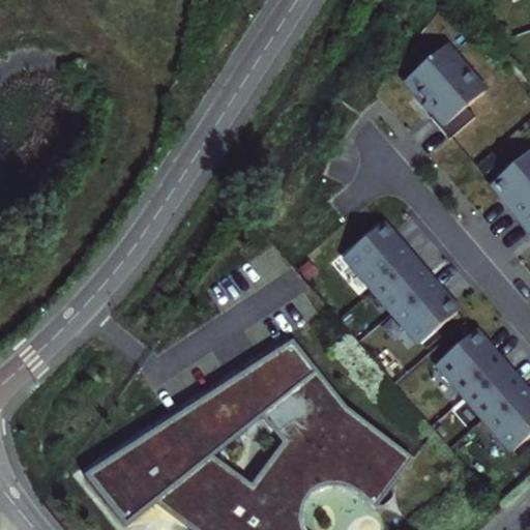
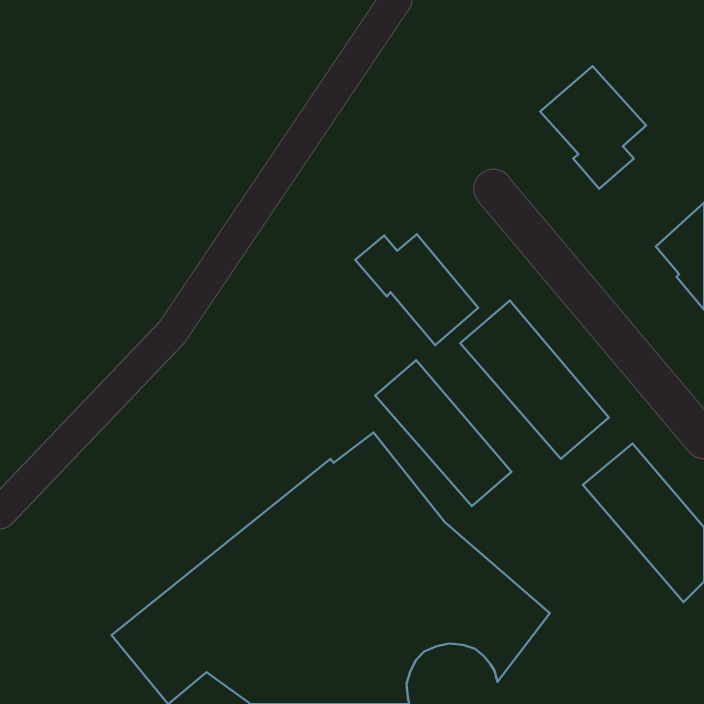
building: none -> [355,234,478,345]
building: none -> [375,360,512,506]

